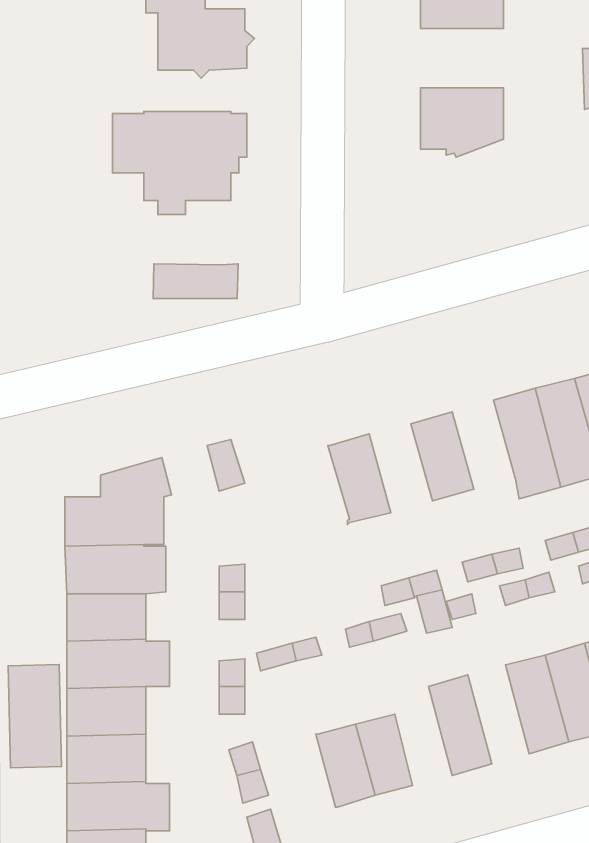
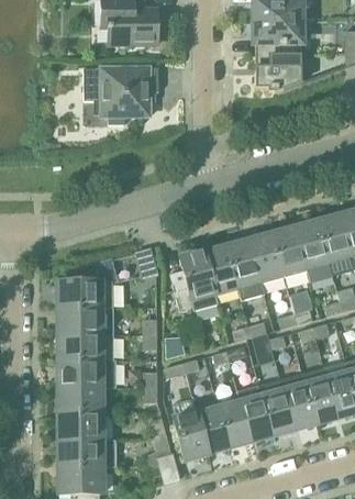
building: none -> [255,20,301,53]
building: [153,264,238,299] -> none
building: none -> [273,226,308,276]
building: none -> [226,240,263,298]
building: none -> [173,251,218,311]
building: [8,665,62,768] -> none
building: none -> [281,374,315,429]
building: none -> [238,386,273,441]
building: none -> [173,411,209,461]

